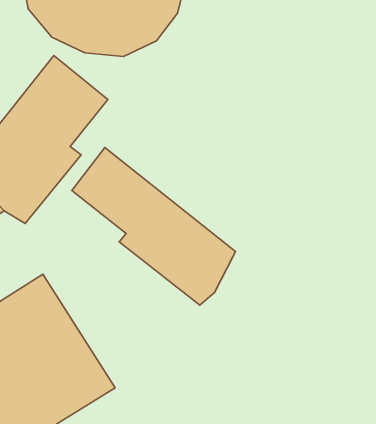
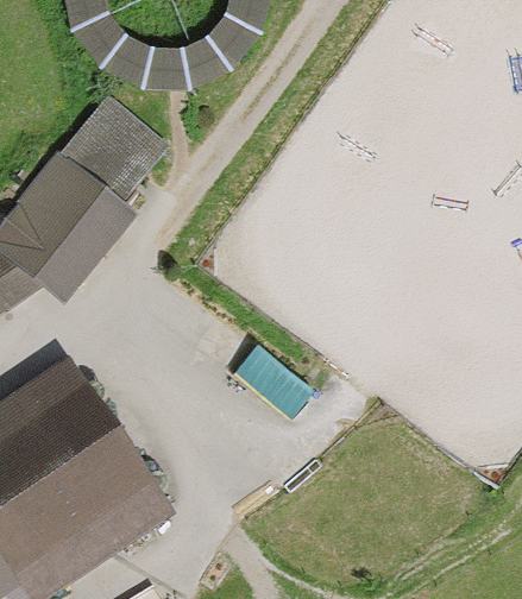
building: [72,147,236,305] -> none

